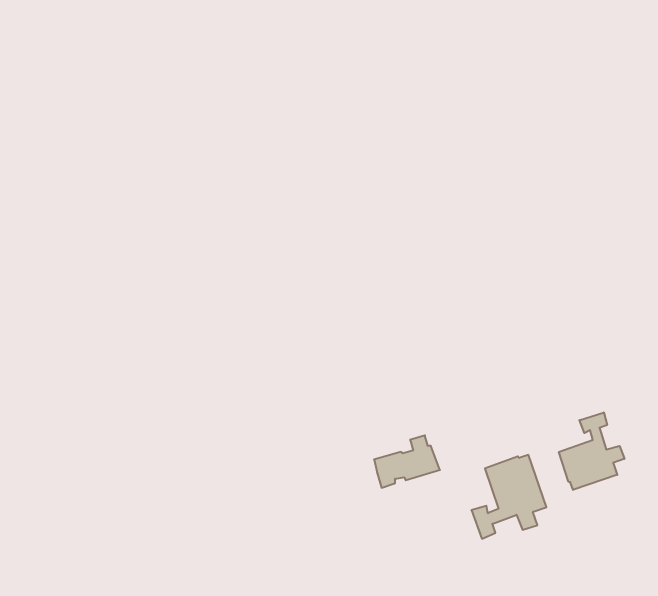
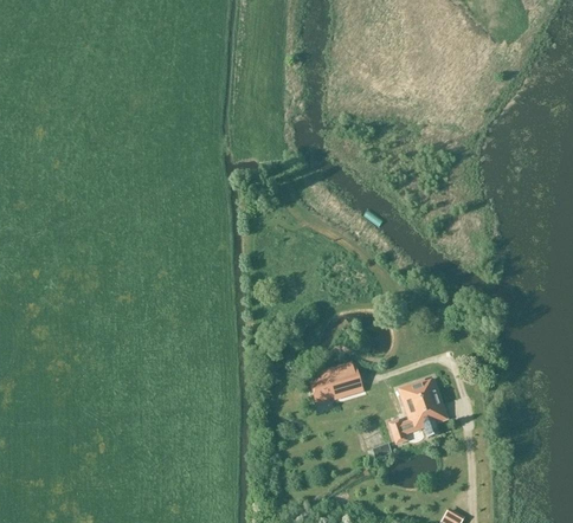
building: [559,412,624,490] -> none

